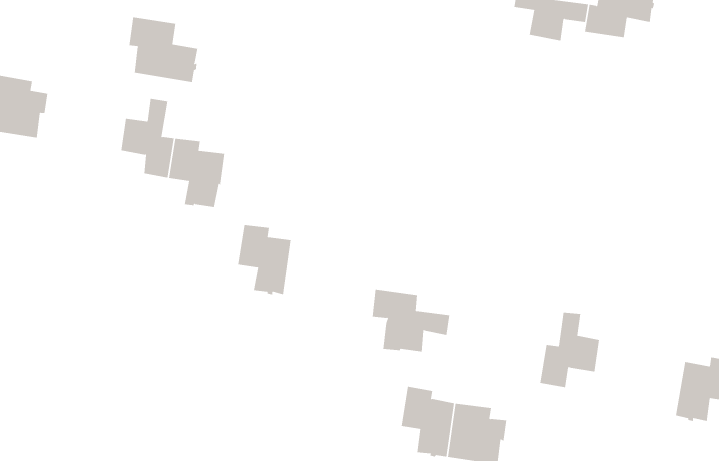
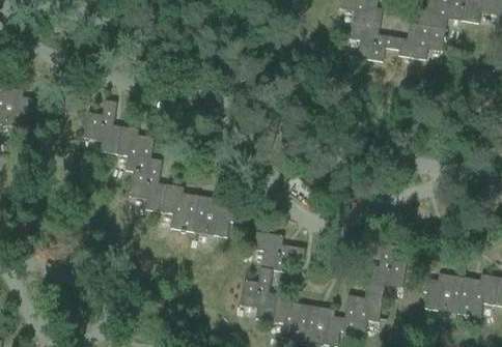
building: [129,16,198,83] -> none
building: none -> [131,157,167,211]
building: none -> [194,195,236,236]
building: none -> [241,268,277,320]
building: none -> [423,272,464,313]
building: none -> [342,291,384,334]

